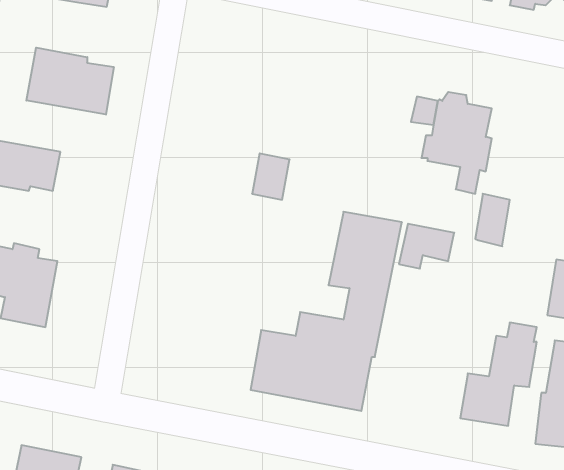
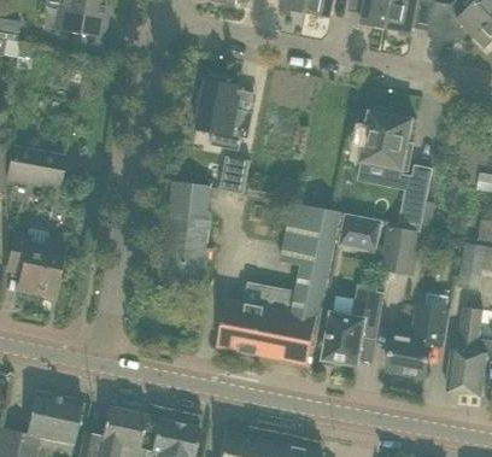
building: [26,48,114,115] -> none
building: none -> [195,78,253,150]
building: none -> [162,180,211,281]
building: none -> [381,224,421,274]
building: none -> [324,295,382,361]

